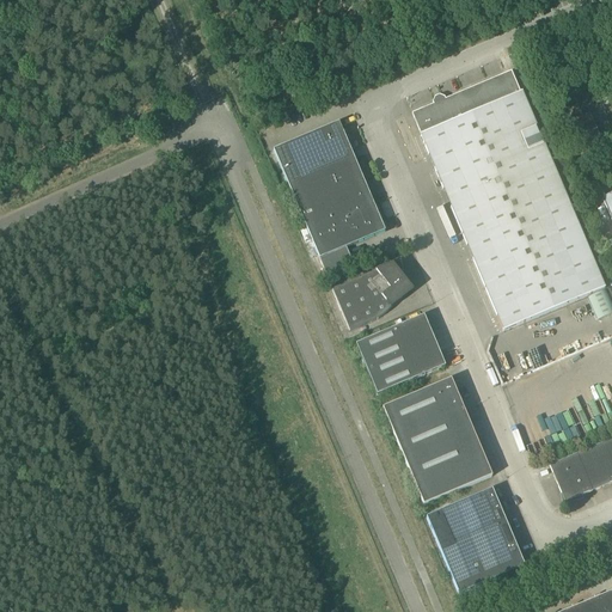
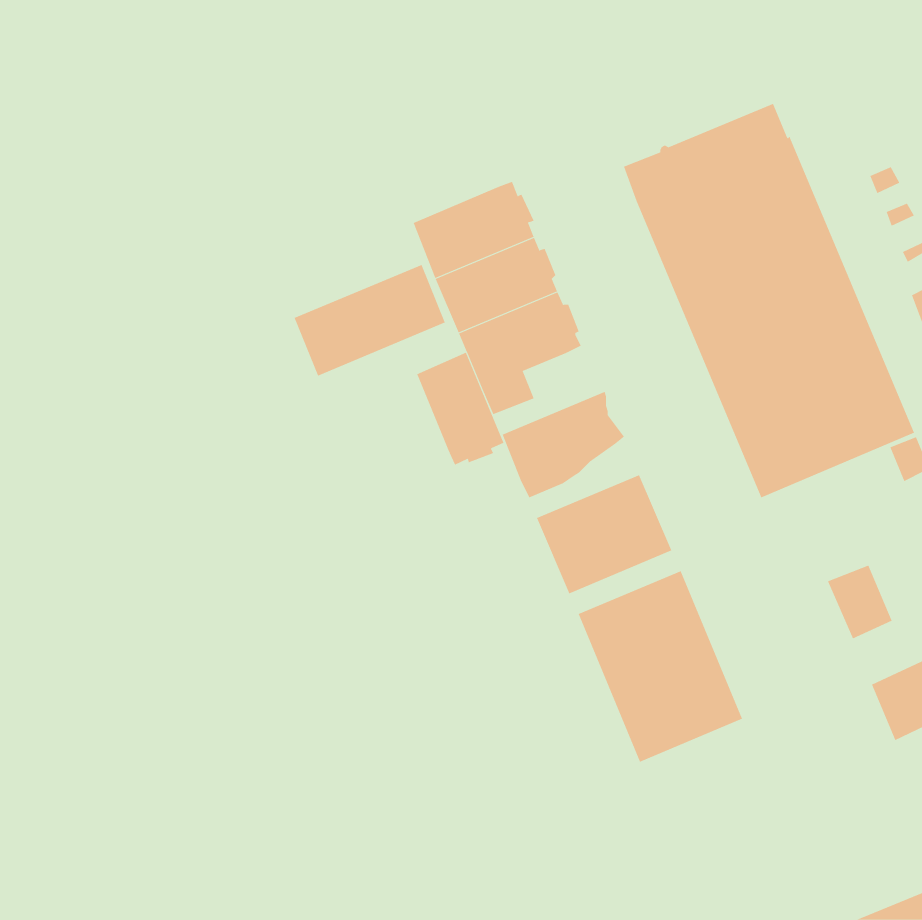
building: none -> [294,264,446,376]
building: none -> [417,352,504,465]
building: [550,452,593,501] -> [827,565,892,639]
building: [427,486,526,592] -> none

